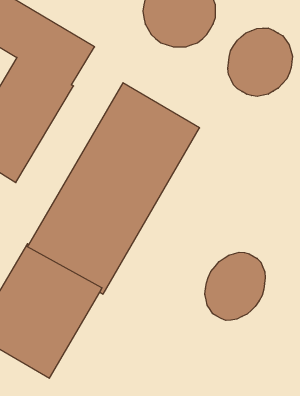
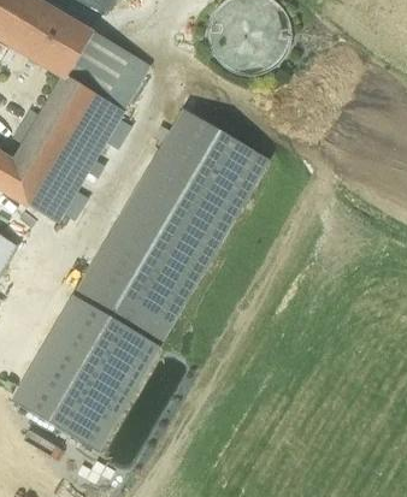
building: [228,28,292,96] -> none
building: [205,252,265,320] -> none

